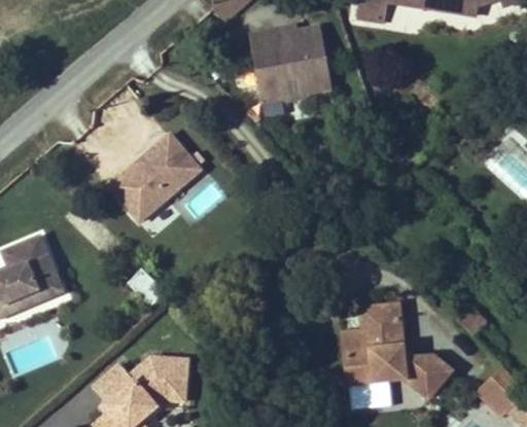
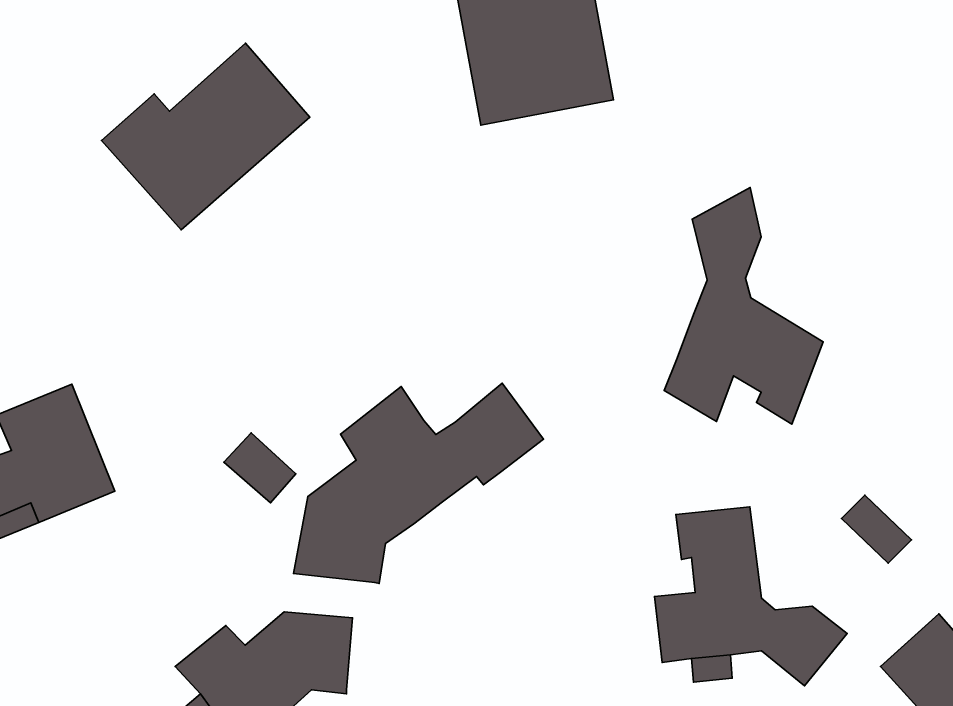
building: [91,126,201,224] -> [101,43,310,230]
building: none -> [664,187,823,424]
building: none -> [293,383,543,583]

